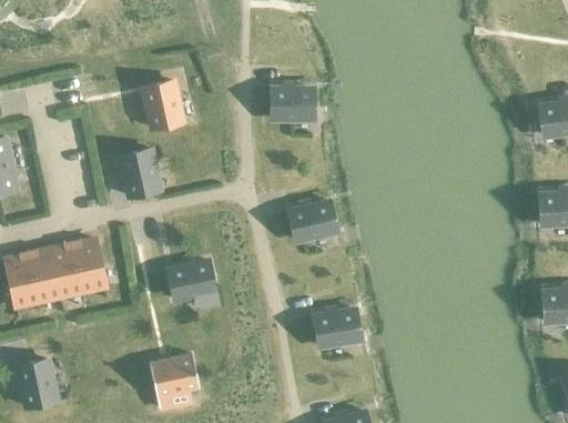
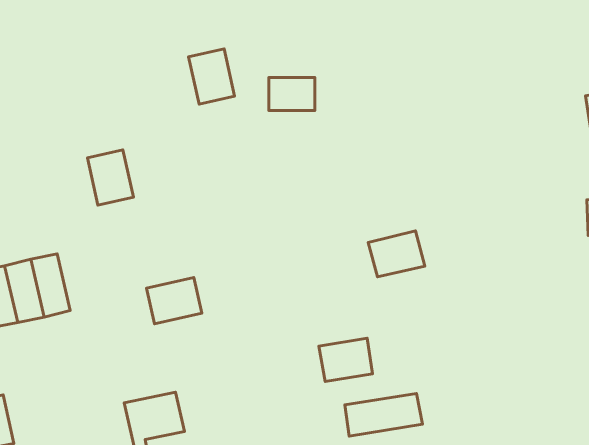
building: [141,83,180,130] -> [189,49,235,104]
building: [288,200,336,239] -> [368,231,425,277]
building: none -> [345,393,422,436]

